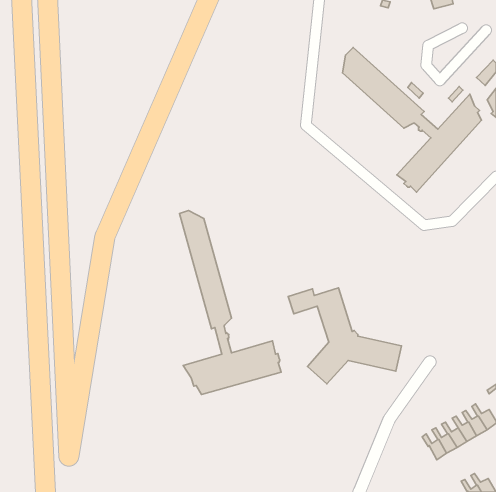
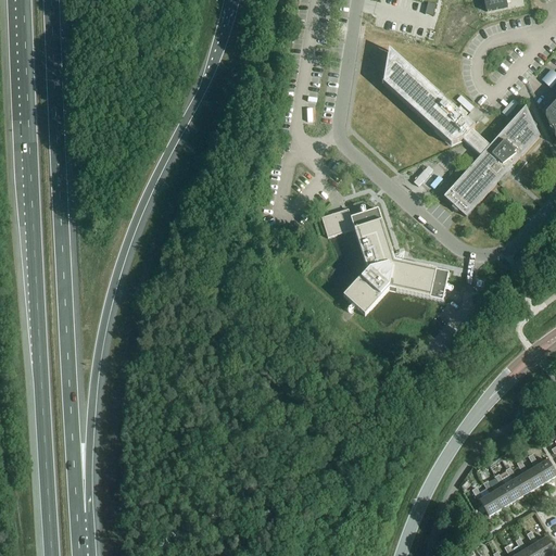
building: [180,210,281,394] -> none
building: [288,288,402,384] -> [321,206,448,314]

